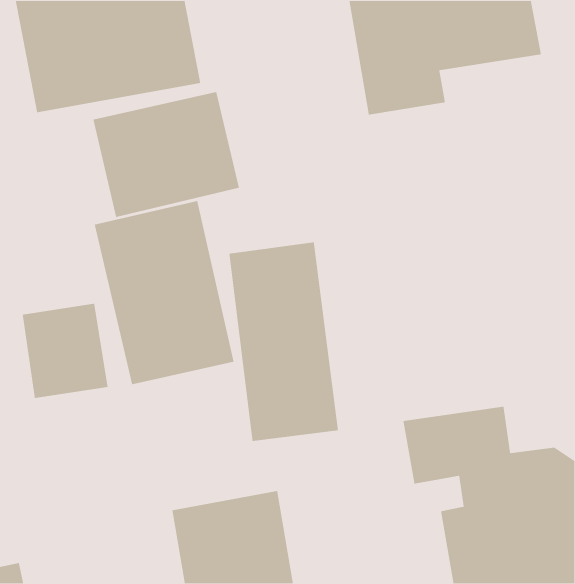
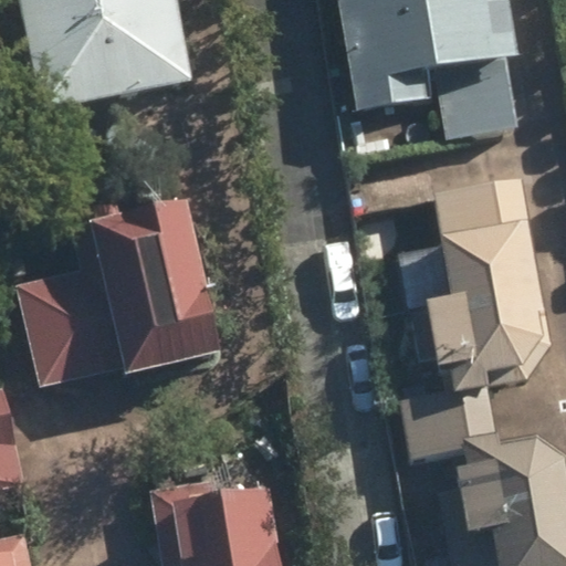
building: [93,91,240,218] -> none
building: none -> [416,176,546,394]
building: [229,241,339,442] -> none

